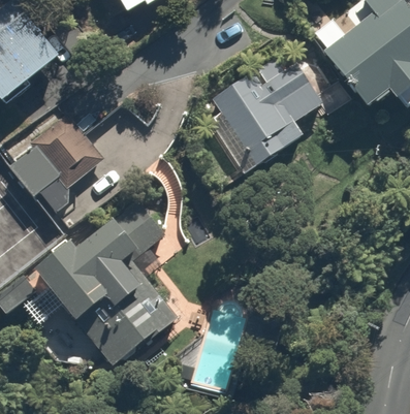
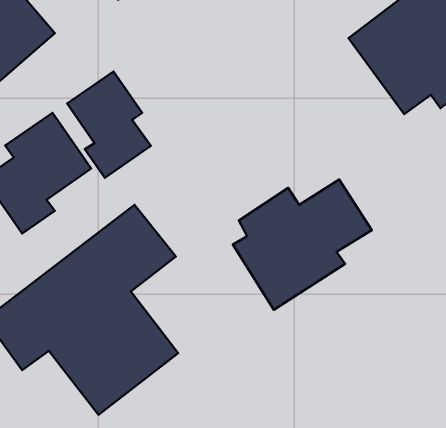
building: [208,61,326,172] -> [233,179,372,310]
building: none -> [67,71,151,178]

